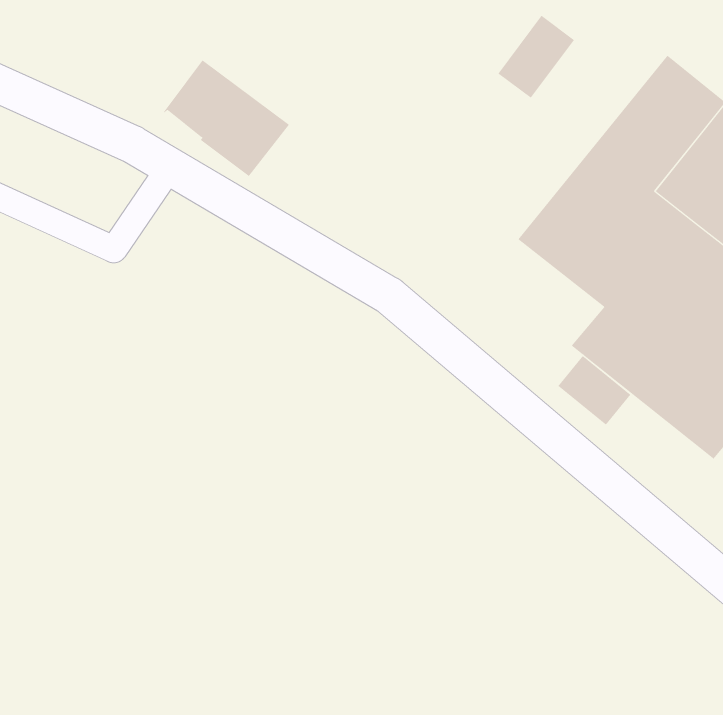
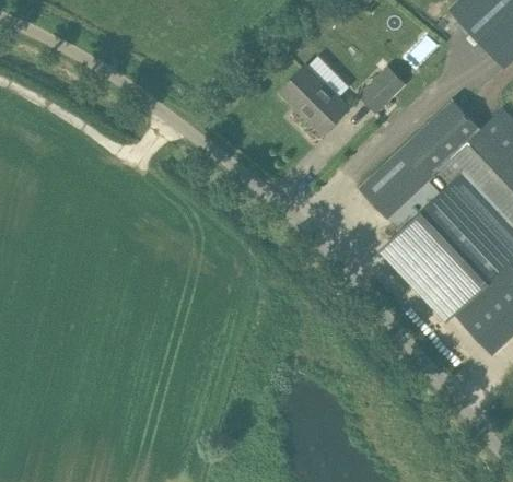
building: [162,59,290,177] -> [281,66,350,133]
building: [558,355,631,426] -> none

